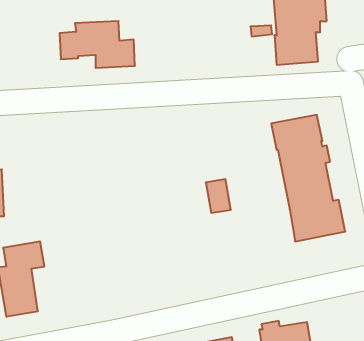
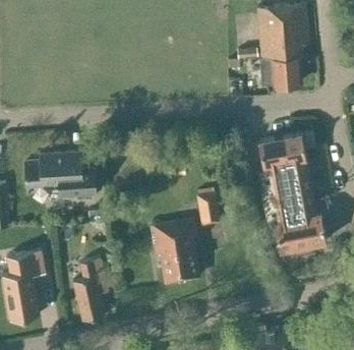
building: [60,21,135,68] -> [25,153,96,196]
building: none -> [150,219,199,284]
building: none -> [74,258,110,320]

